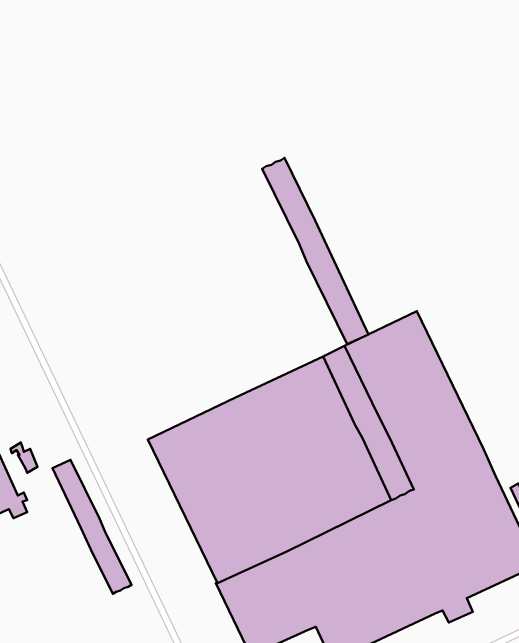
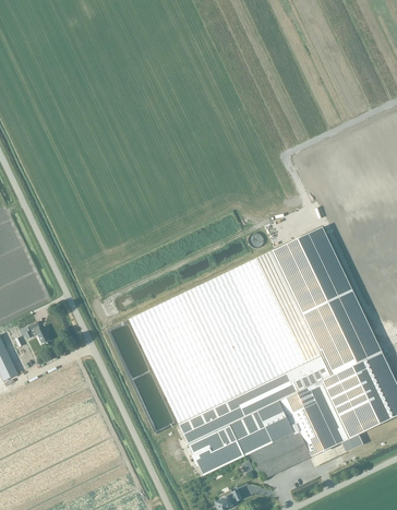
building: [262,158,369,344] -> none
building: [52,460,131,594] -> none

